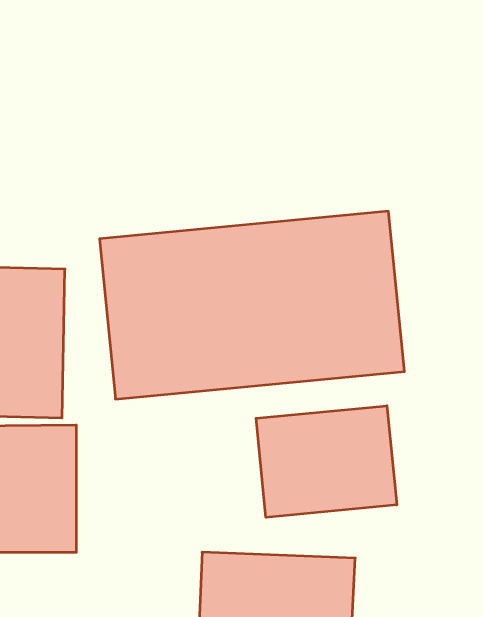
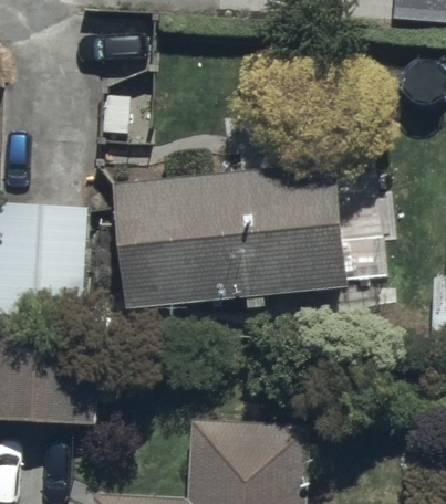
building: [256,406,397,517] -> none

